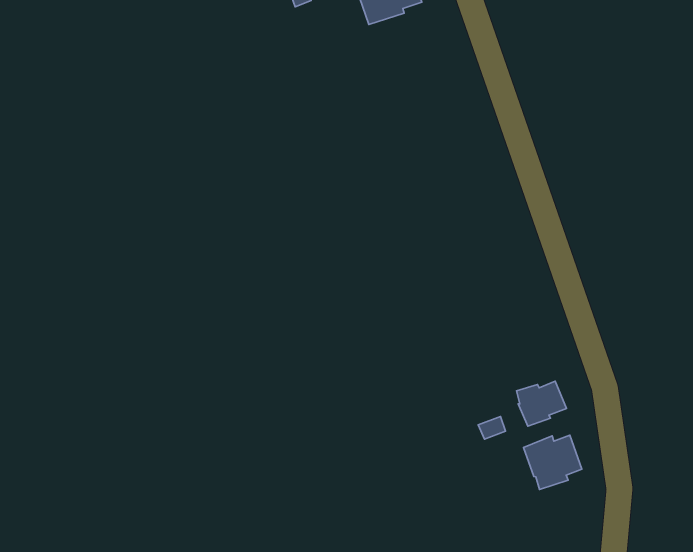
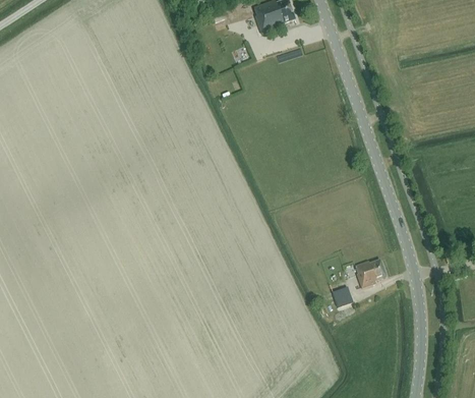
building: [523,435,582,489] -> none

